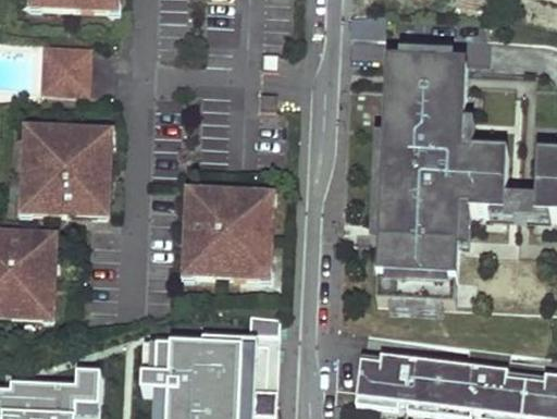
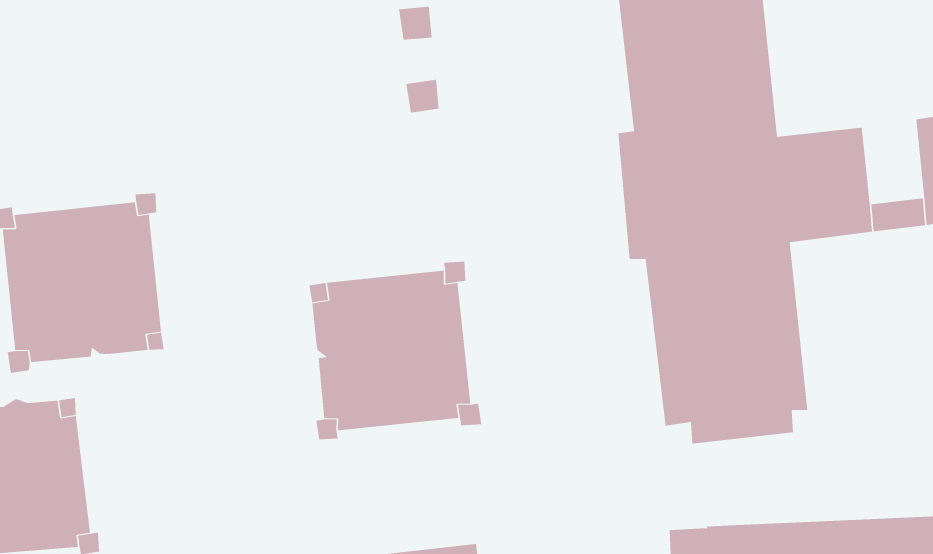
building: [44,45,89,89] -> none

